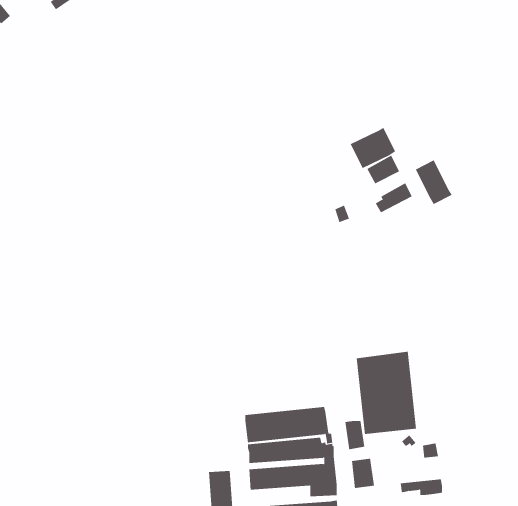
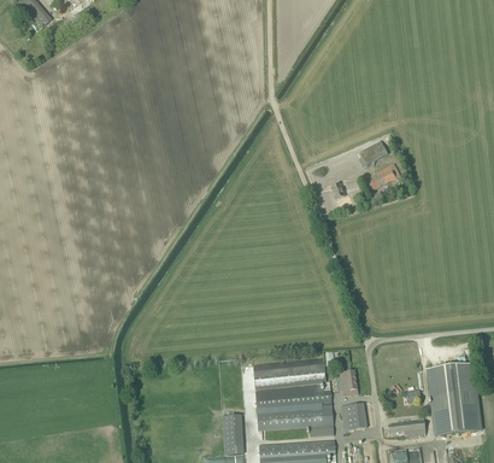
building: [350,127,396,169] -> none
building: [415,159,452,205] -> none
building: [356,351,417,435] -> [428,363,481,435]

